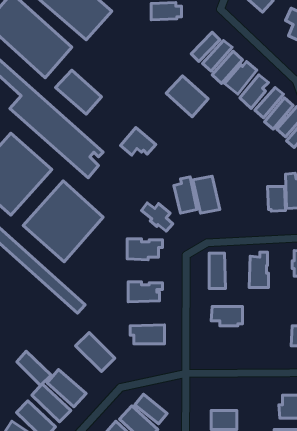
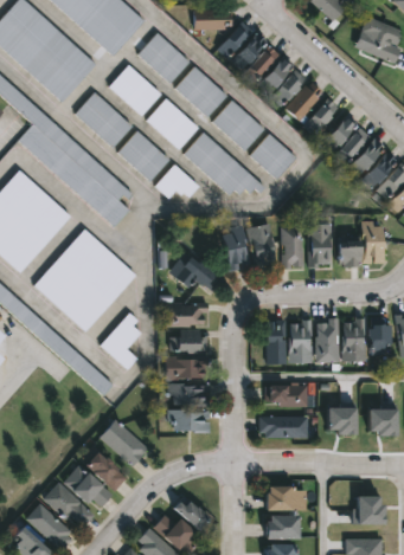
building: none -> [217,22,265,69]
building: none -> [137,32,190,83]
building: none -> [109,65,160,115]
building: none -> [175,66,227,116]
building: none -> [147,98,198,149]
building: none -> [117,130,169,181]
building: none -> [185,131,264,195]
building: none -> [250,134,296,179]
building: none -> [307,224,331,266]
building: none -> [280,227,302,269]
building: none -> [101,312,140,369]
building: none -> [342,316,365,361]
building: none -> [288,318,312,363]
building: none -> [175,330,206,353]
building: none -> [167,382,207,406]
building: none -> [327,407,355,433]
building: none -> [258,417,307,438]
building: [17,351,51,386] -> [84,447,127,490]
building: none -> [265,484,306,508]

